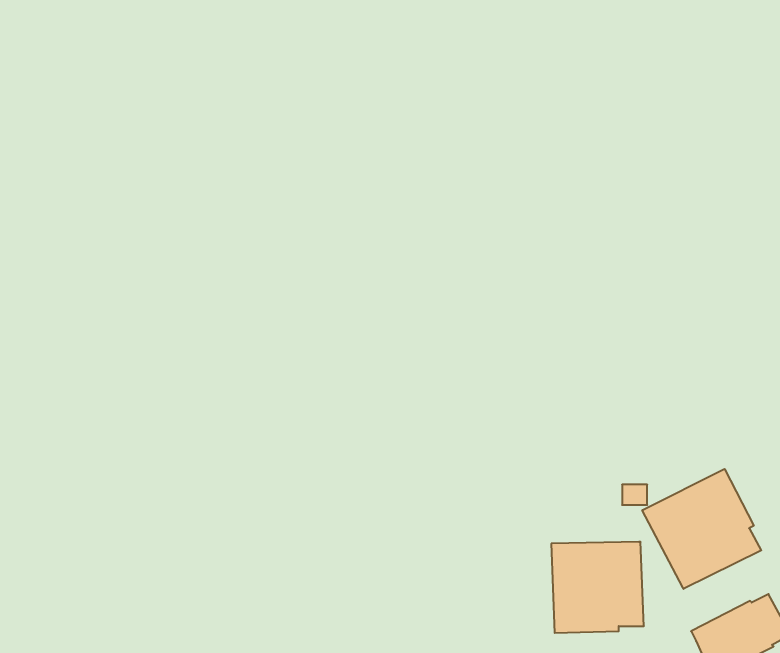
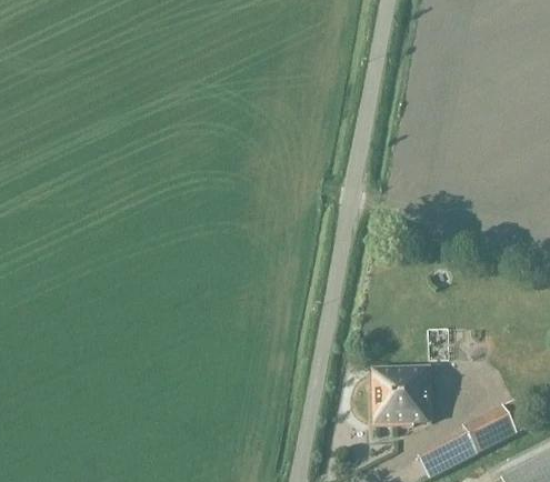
building: [642,469,761,589] -> none

